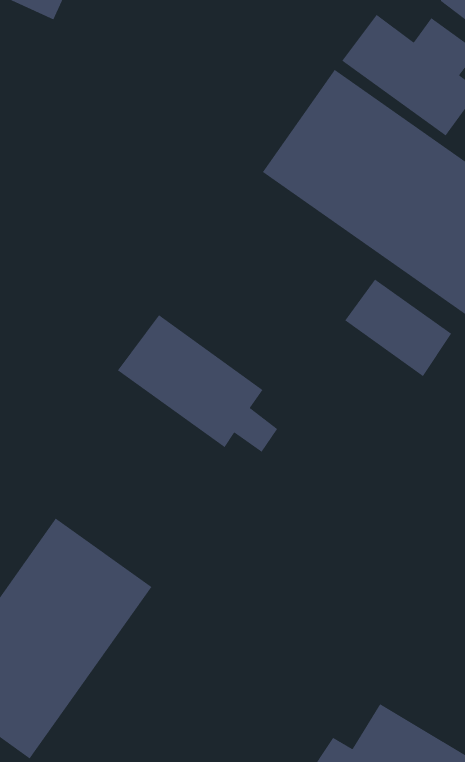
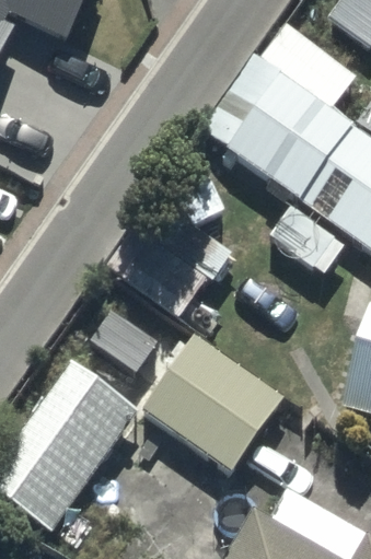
building: none -> [142,334,285,471]

